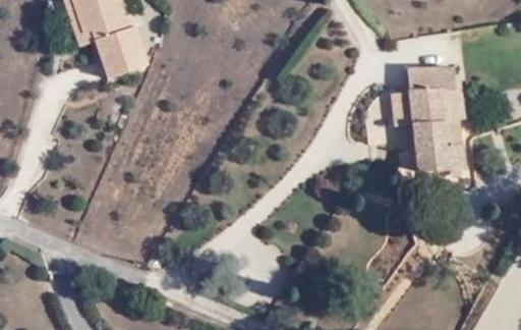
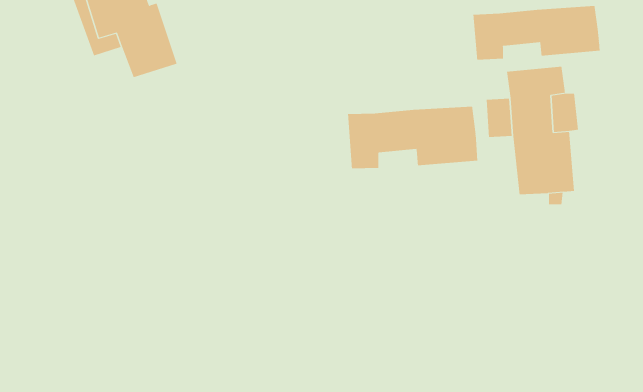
building: none -> [473,5,600,60]
building: none -> [347,106,478,169]

